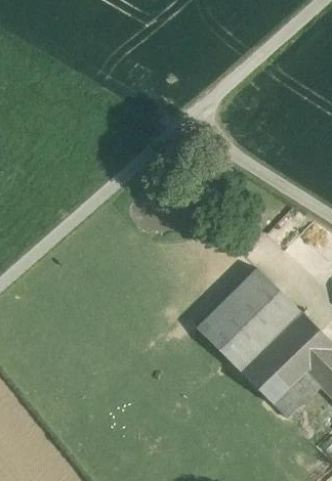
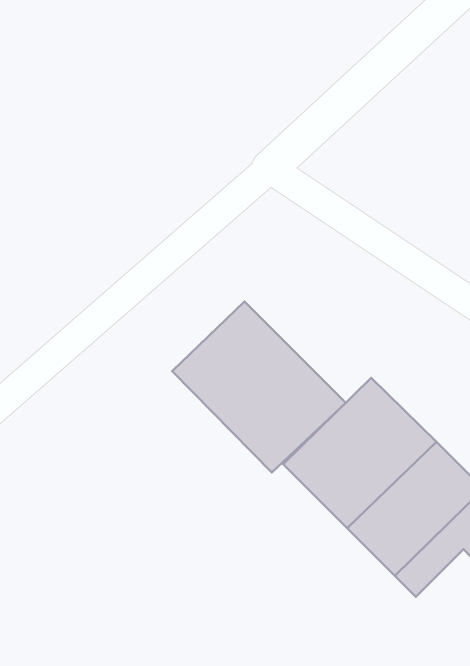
building: none -> [172,301,346,472]

